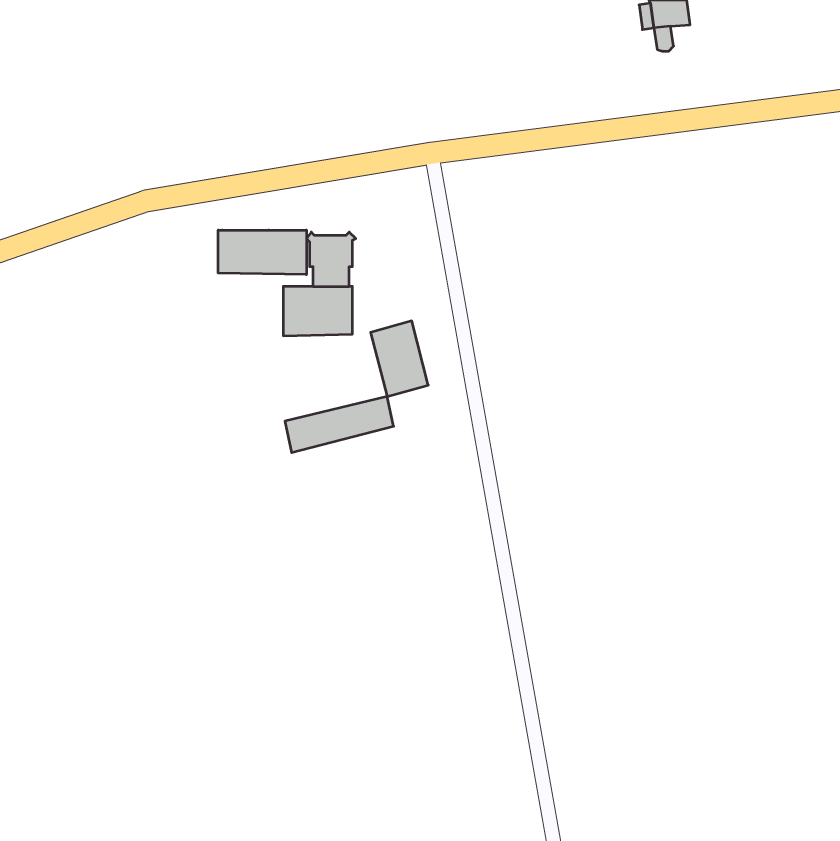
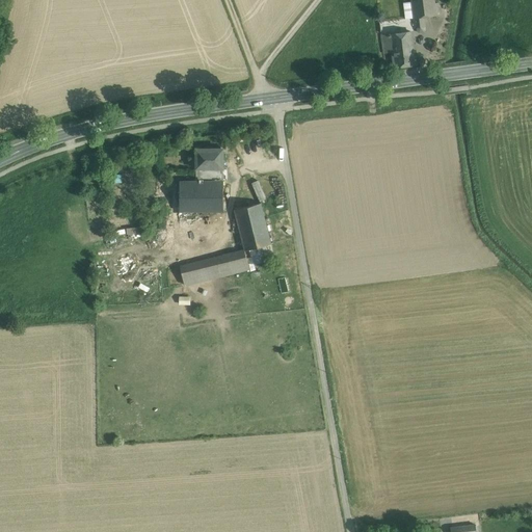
building: none -> [380,32,415,66]
building: [218,230,306,275] -> none

